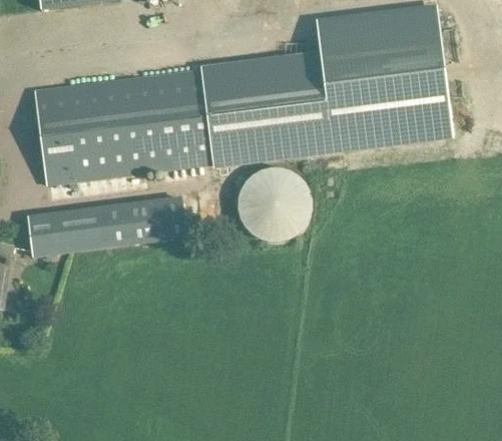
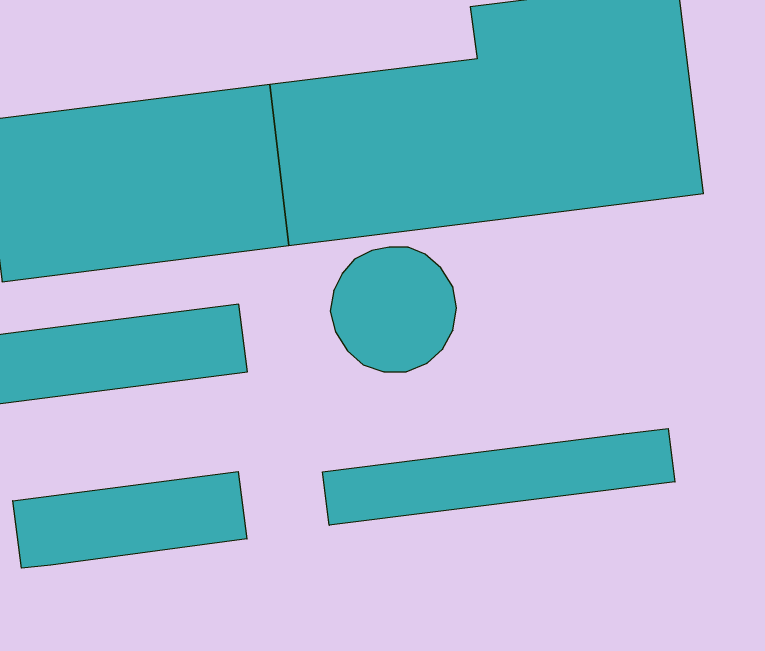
building: none -> [323,429,675,525]
building: none -> [13,472,247,568]

